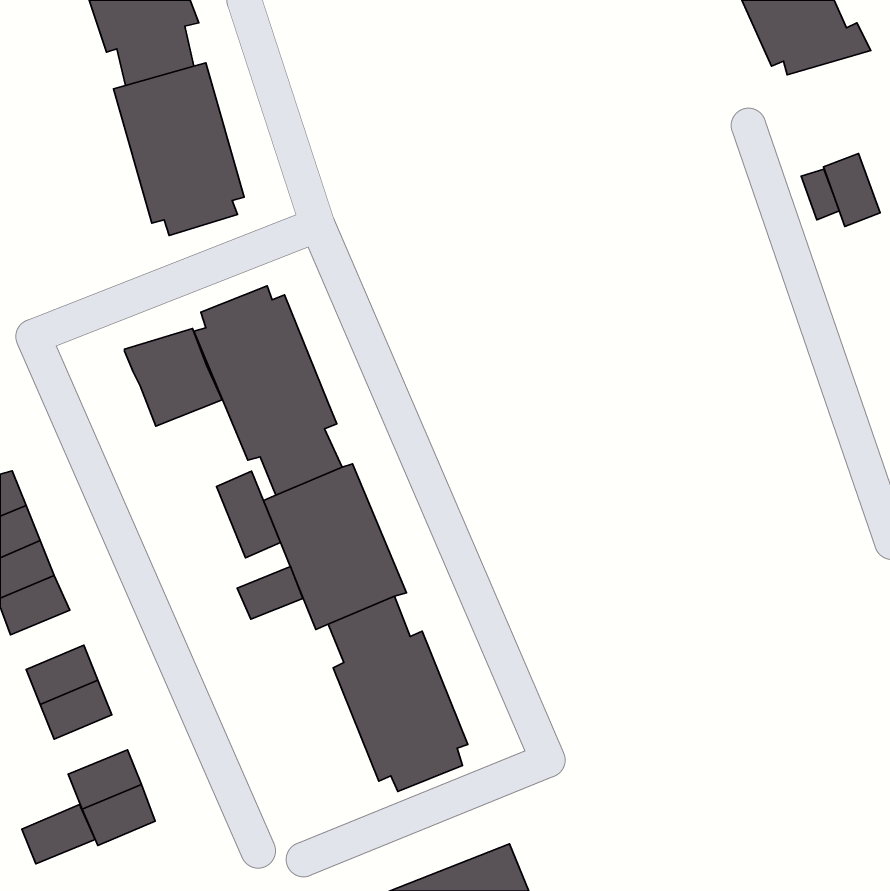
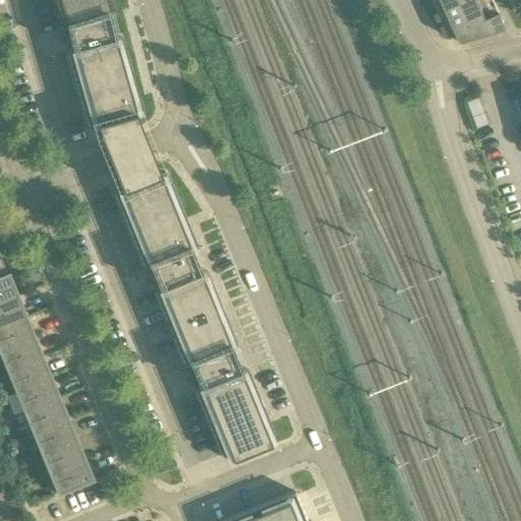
building: [824,153,880,226] -> none
building: [125,328,222,426] -> [100,125,157,182]
building: [216,471,281,558] -> none
building: [237,567,303,619] -> none
building: none -> [7,356,50,391]
building: [22,805,95,864] -> [33,417,75,452]

